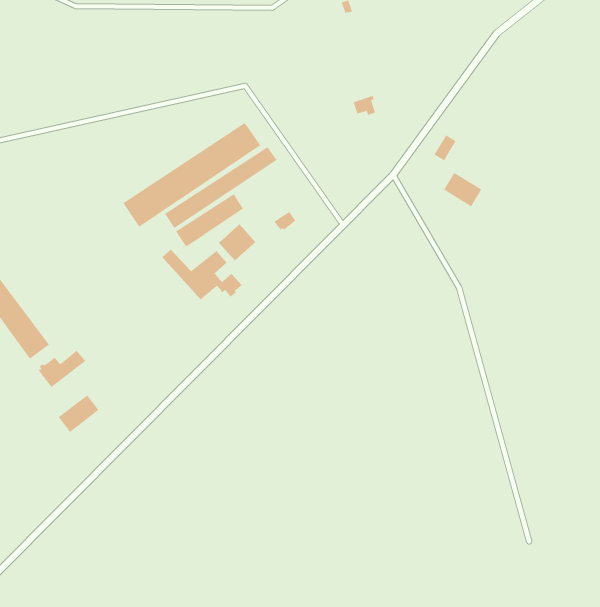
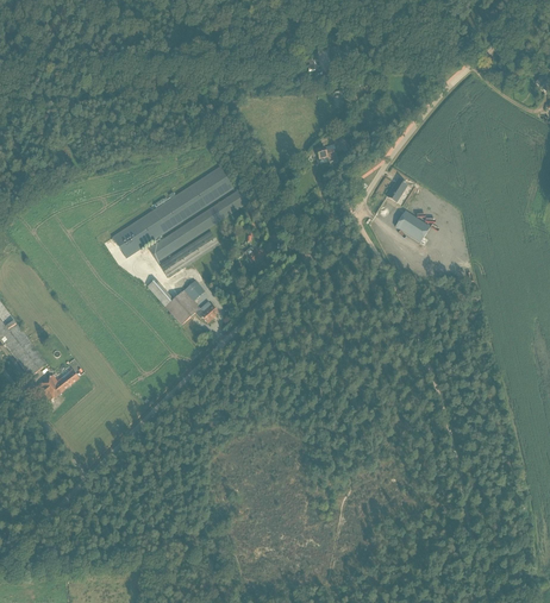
building: [218,224,256,261] -> none
building: [58,394,99,433] -> none

